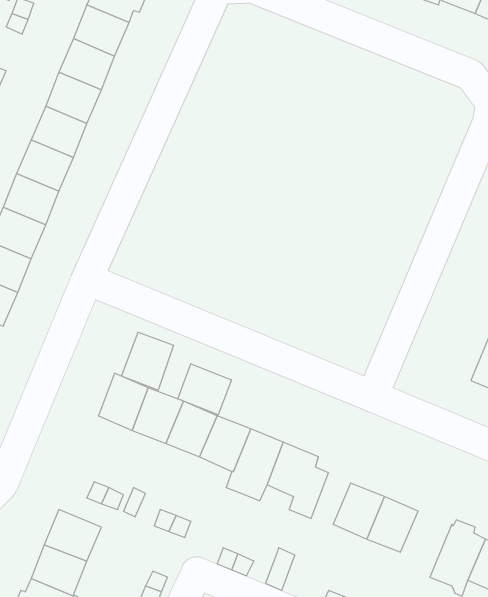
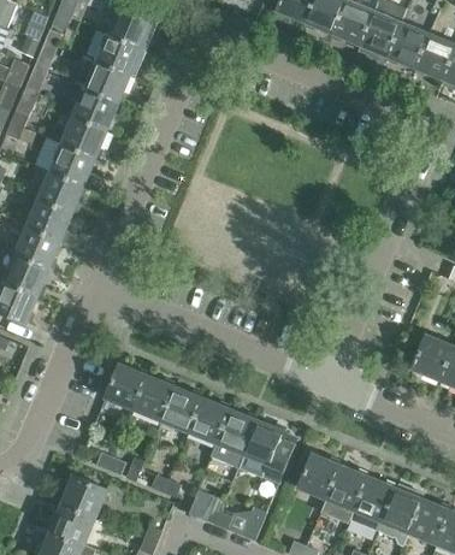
building: [122,332,174,390] -> none
building: [178,364,231,415] -> none
building: none -> [349,476,395,530]

